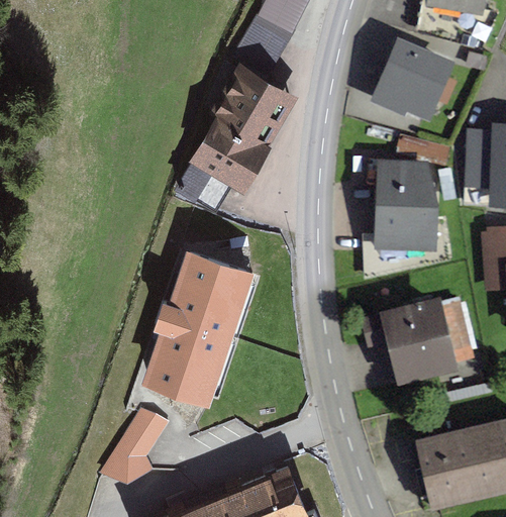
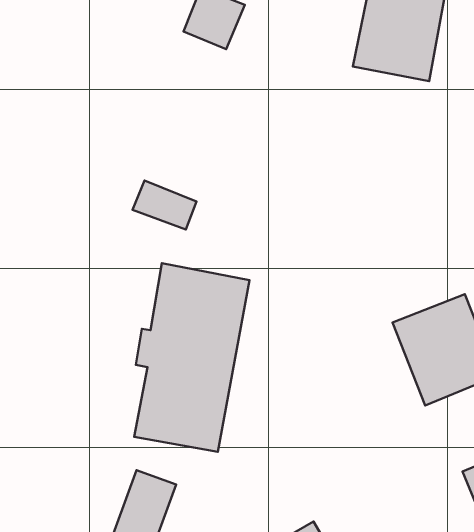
building: [181,65,295,193] -> none
building: [364,149,437,254] -> none

